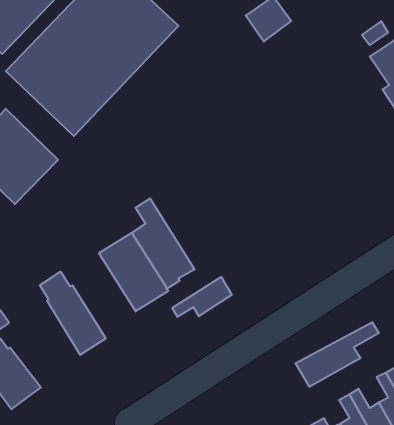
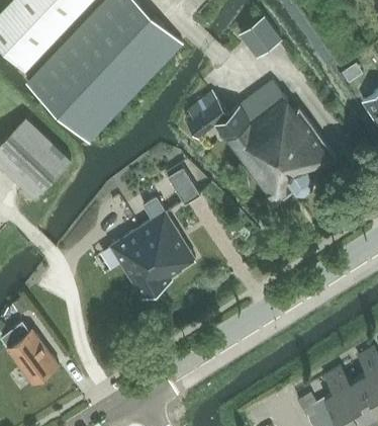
building: none -> [187,82,336,205]
building: none -> [167,169,200,206]
building: [40,272,106,355] -> none
building: [172,277,232,317] -> none
building: [296,322,379,387] -> none

